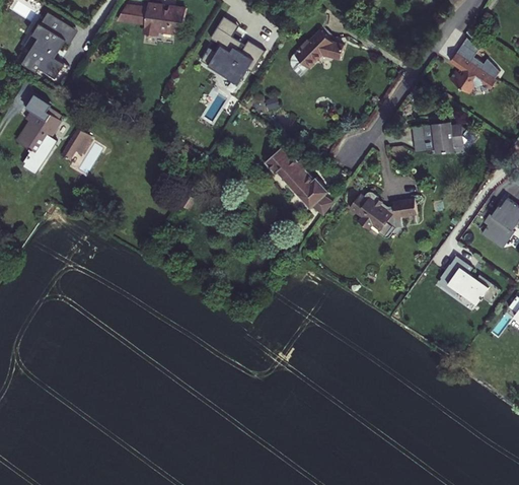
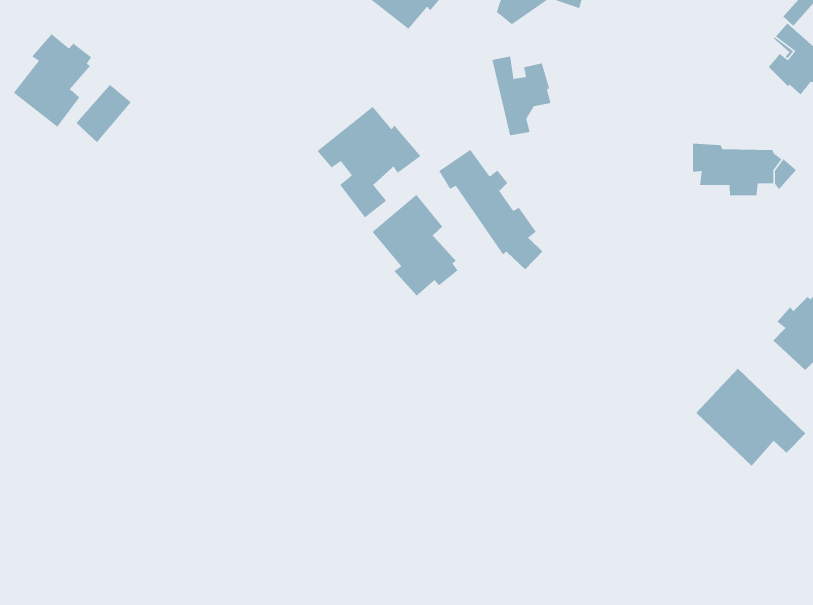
building: none -> [492,55,551,136]
building: none -> [317,106,421,218]
building: none -> [372,194,459,297]
building: [355,188,423,233] -> none

